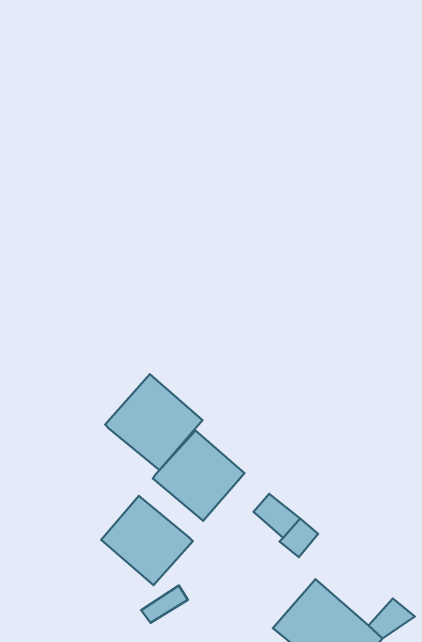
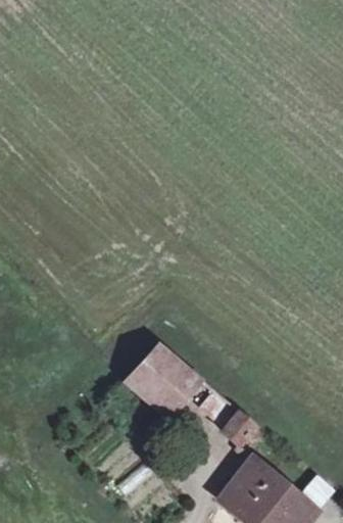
building: [105,374,203,470] -> none
building: [101,496,193,585] -> none

